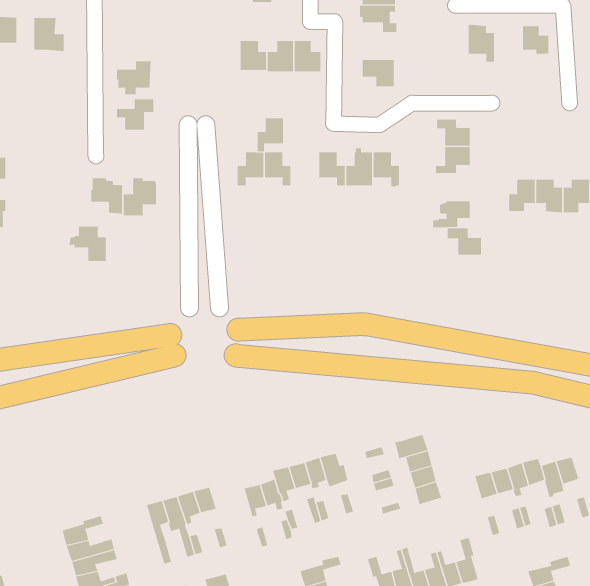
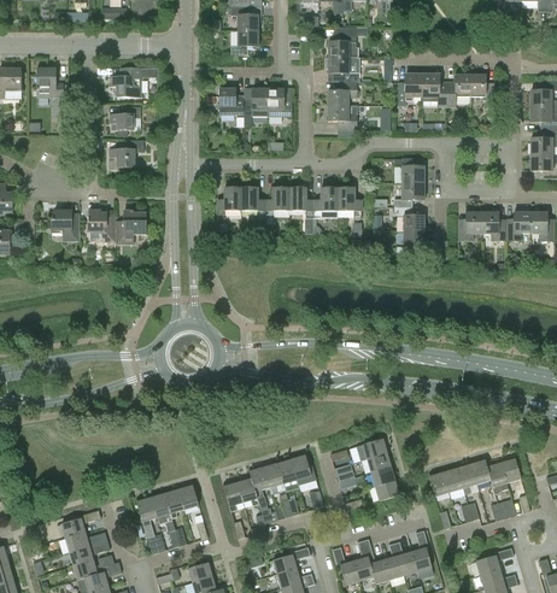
building: none -> [110,67,143,98]
building: none -> [398,74,422,105]
building: none -> [446,75,470,107]
building: none -> [328,81,362,105]
building: [257,118,284,152] -> [265,187,289,217]
building: [69,226,107,261] -> [46,210,80,241]
building: [447,228,482,255] -> [393,206,424,230]

